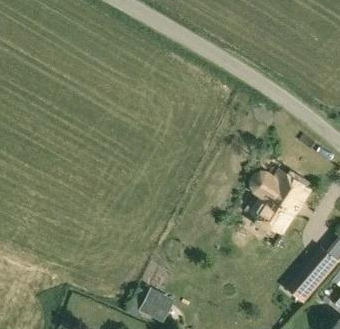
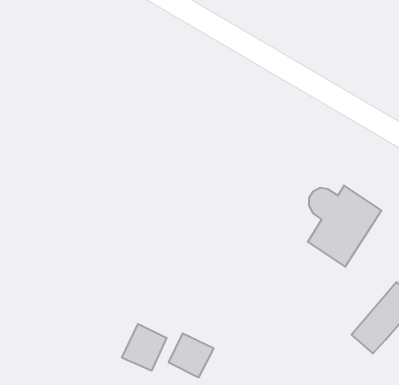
building: none -> [122,324,167,371]

